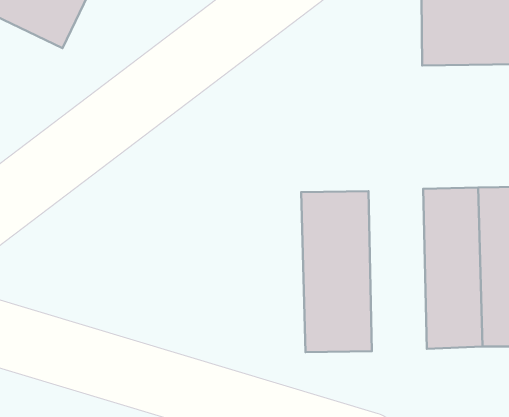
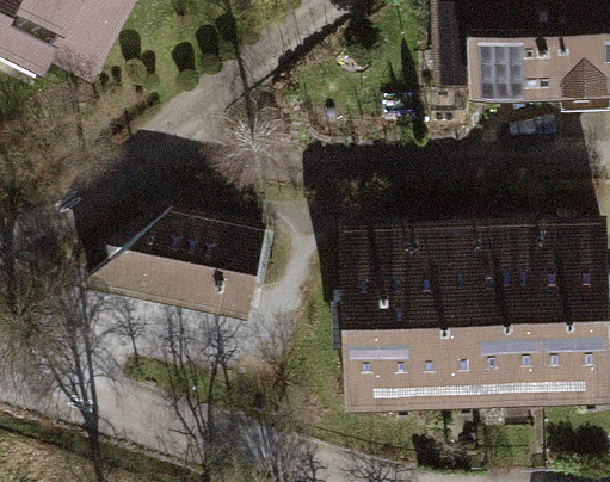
building: none -> [95,209,267,310]
building: none -> [413,228,474,397]

